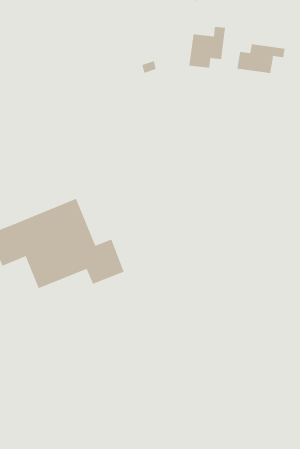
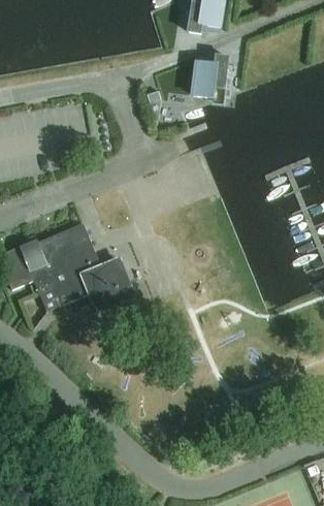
building: [237,44,285,74] -> none

